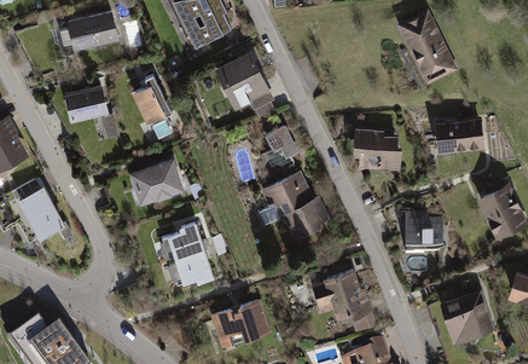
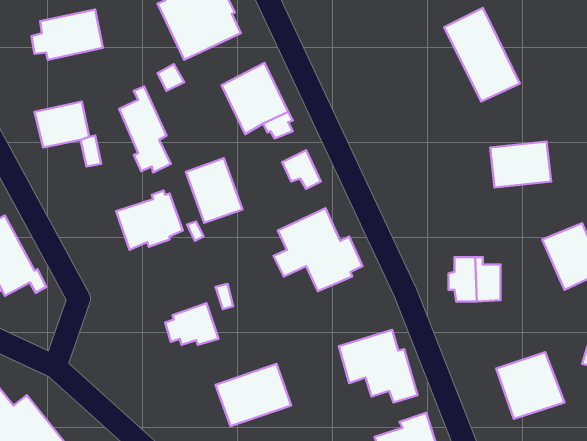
building: [354,127,401,174] -> none
building: none -> [186,158,242,223]
building: [162,221,203,259] -> none

